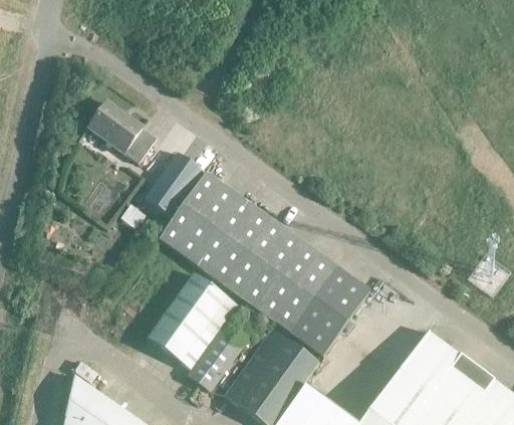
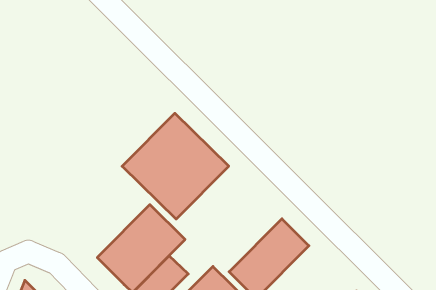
building: [88,100,157,163] -> none
building: [145,153,205,217] -> none
building: [225,219,337,332] -> none

